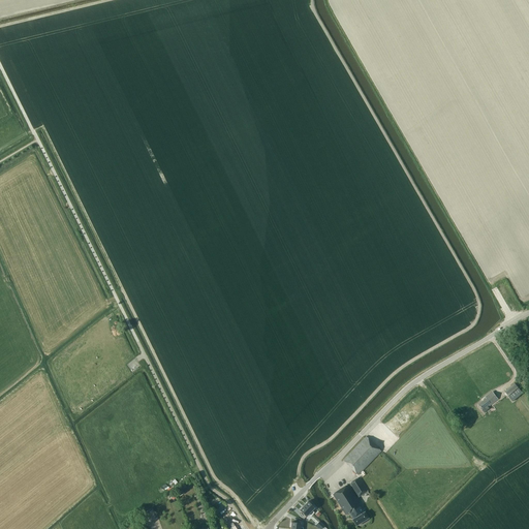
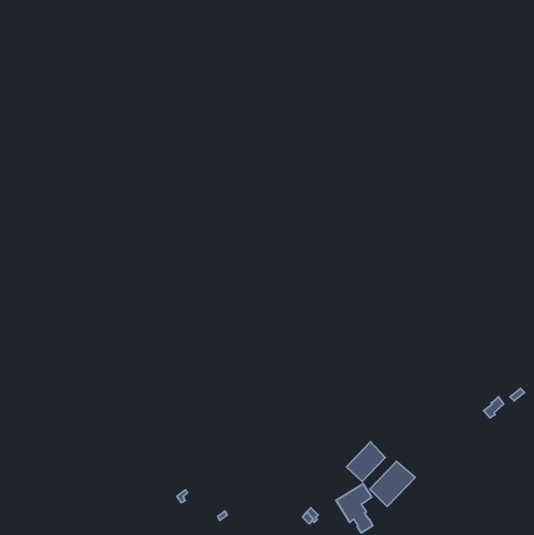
building: none -> [370,461,415,506]

